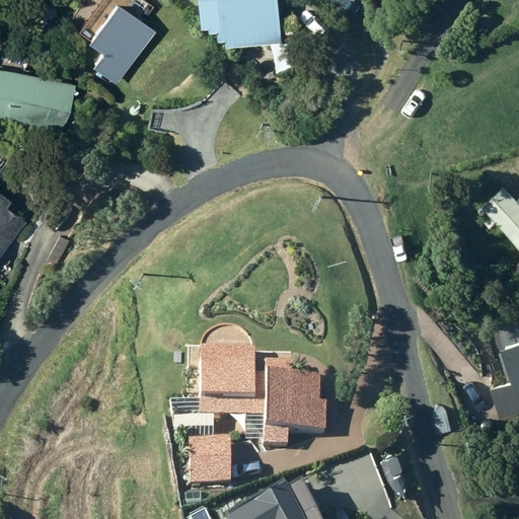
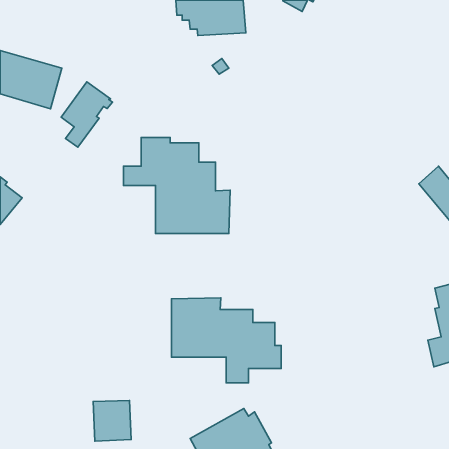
building: [91,10,150,85] -> [61,82,112,147]
building: none -> [123,137,230,233]
building: [188,434,231,480] -> [93,401,131,441]

